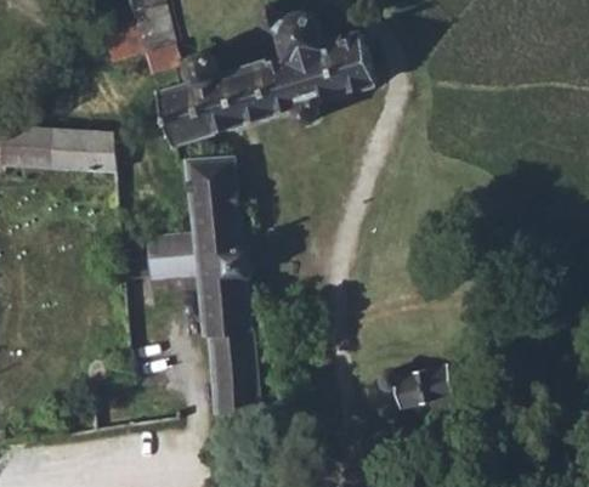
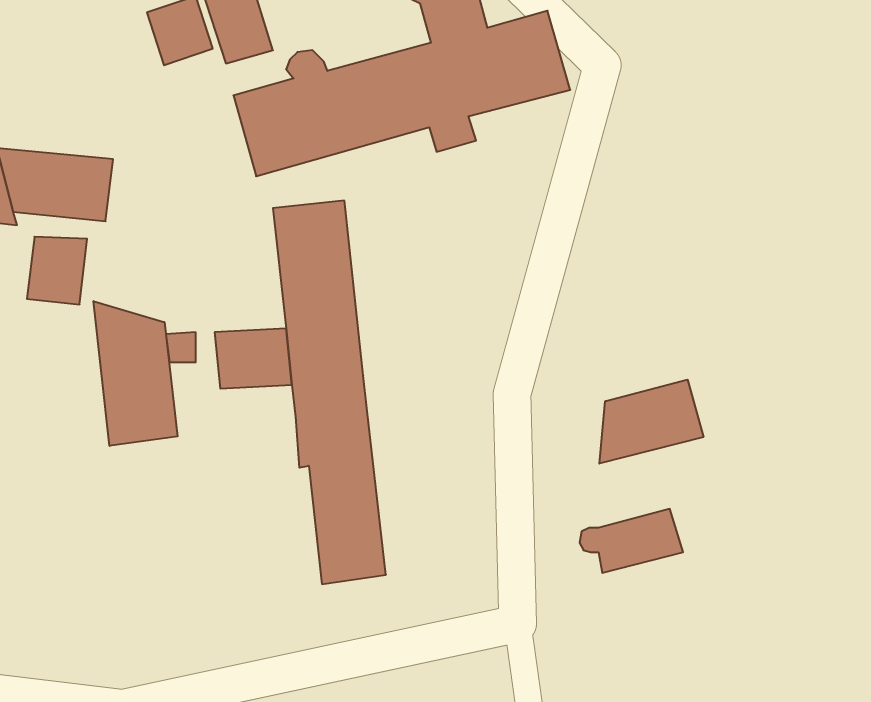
building: [75,130,114,174] -> [27,237,87,304]
building: none -> [94,301,178,446]
building: none -> [599,380,703,464]

